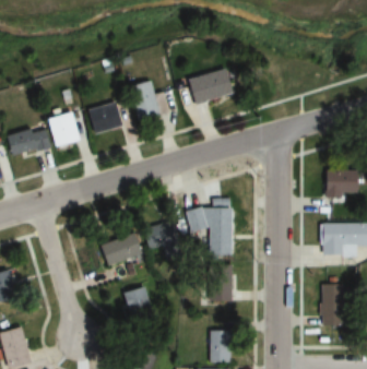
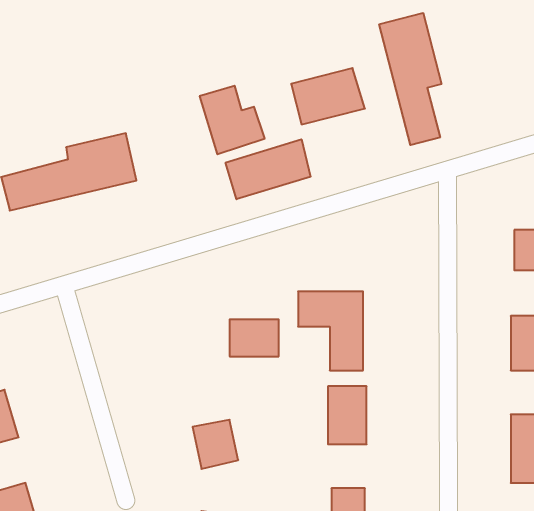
building: none -> [379,13,441,145]
building: [86,102,123,135] -> none
building: none -> [226,139,311,199]
building: [99,233,142,267] -> none

